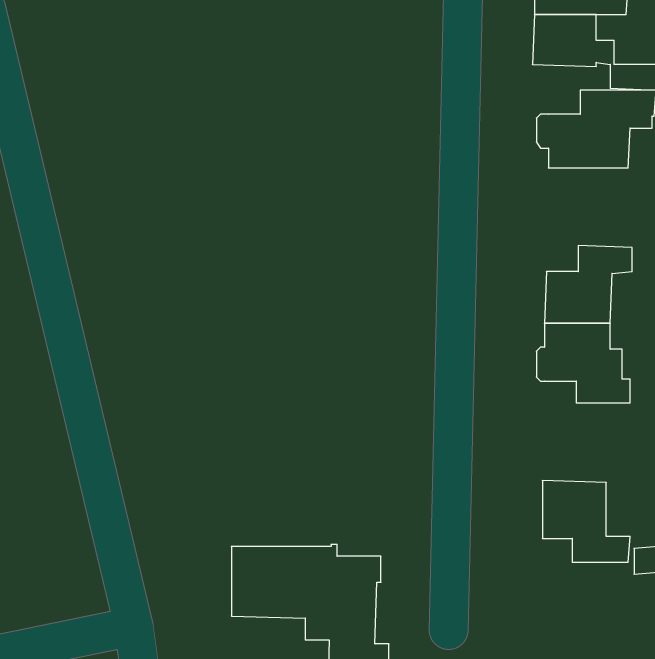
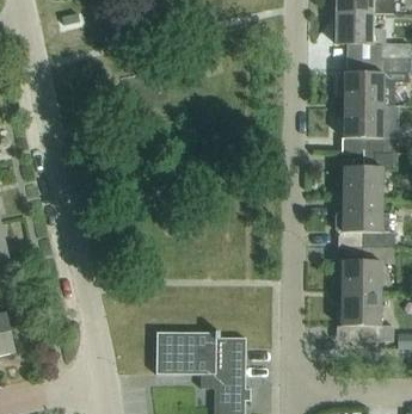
building: none -> [344,104,396,152]
building: none -> [342,245,394,292]

